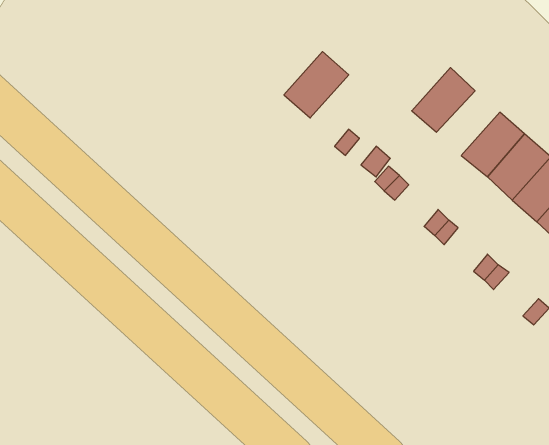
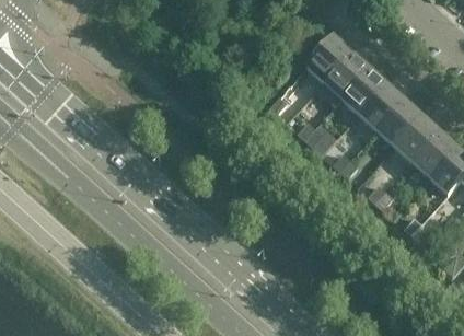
building: [284,52,349,118] -> [305,33,351,80]
building: none -> [341,66,386,112]

